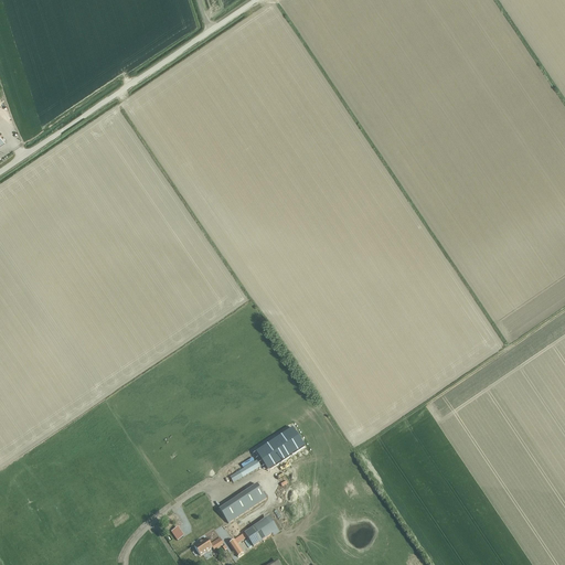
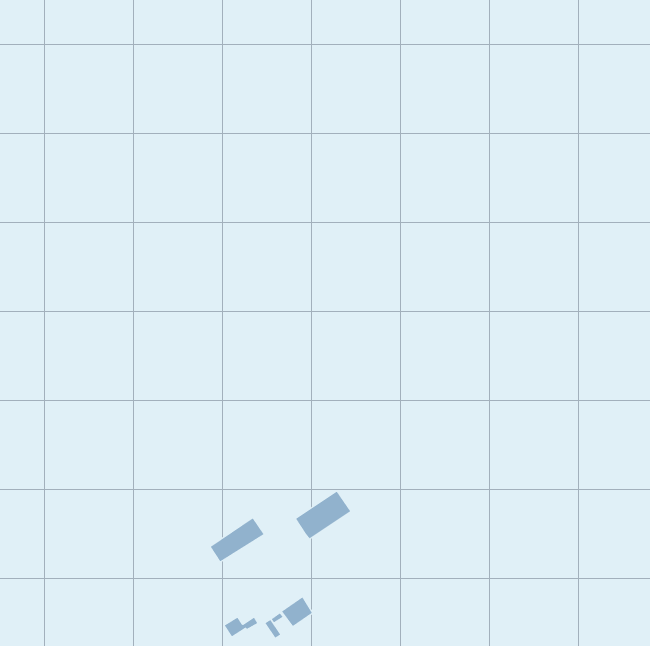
building: [220,482,267,521] -> [210,518,264,562]

